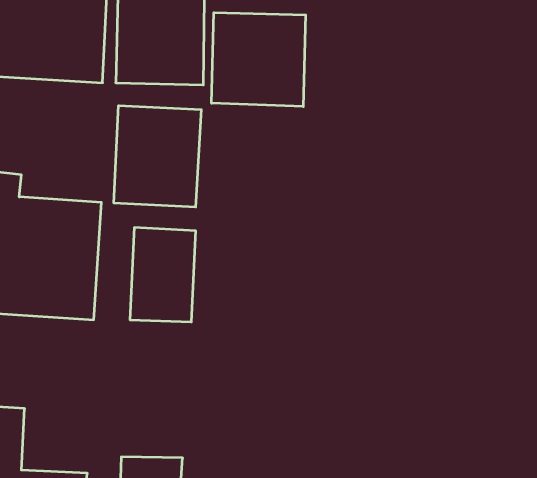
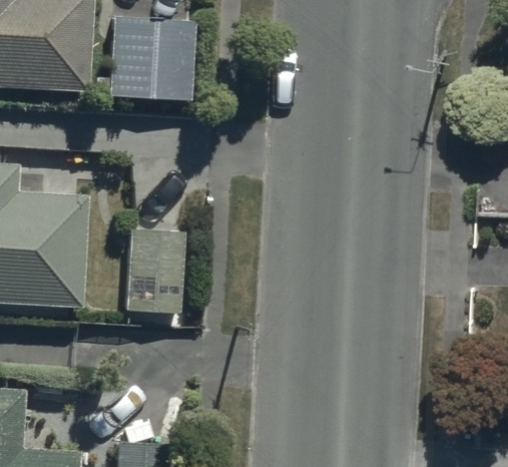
building: [212,13,306,107] -> none
building: [114,106,201,207] -> none

